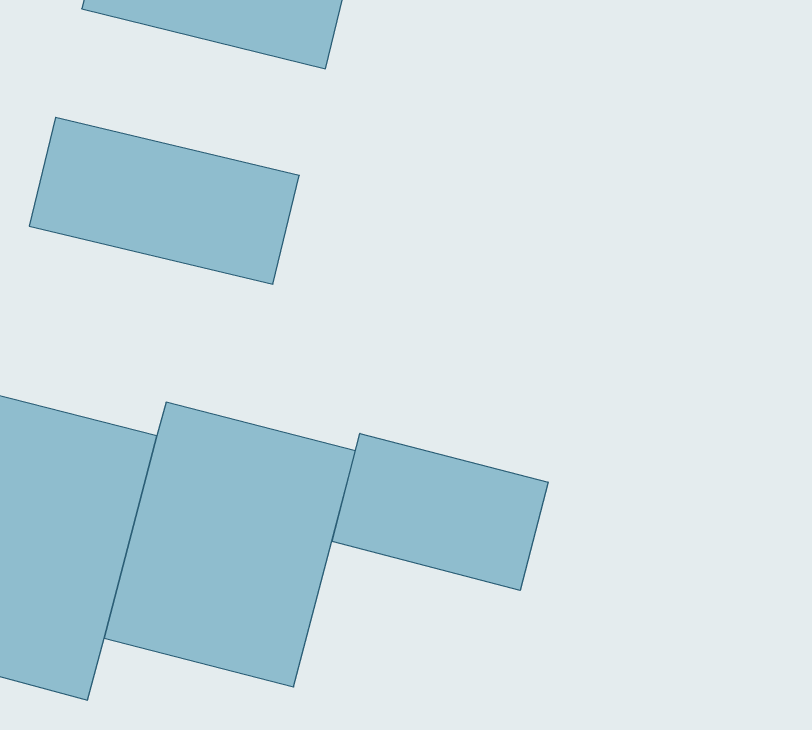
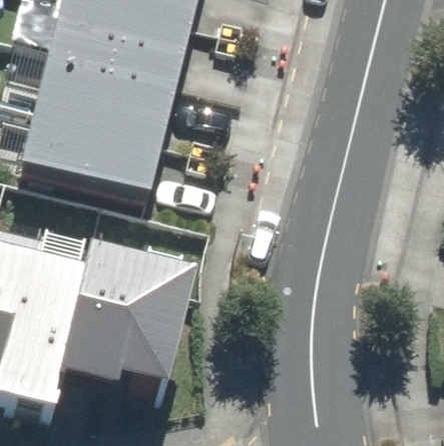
building: none -> [35,37,179,126]
building: [332,433,548,590] -> none

